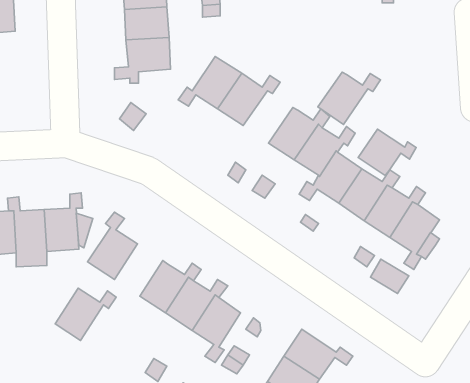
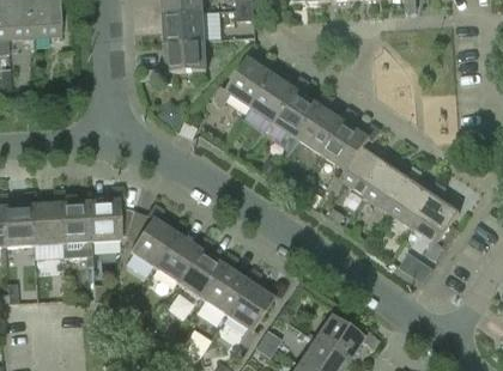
building: [318,72,380,125] -> [275,91,334,140]
building: [358,129,416,176] -> none
building: [55,288,116,340] -> [154,235,212,284]

